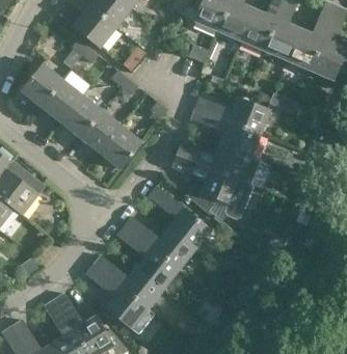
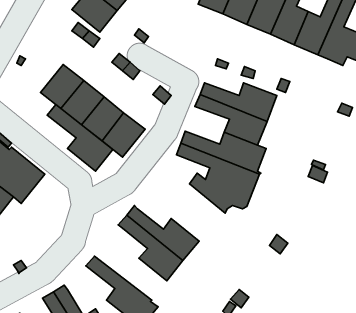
building: [22,64,63,107] -> none
building: [148,186,211,250] -> [47,104,113,171]
building: [94,254,163,307] -> none

